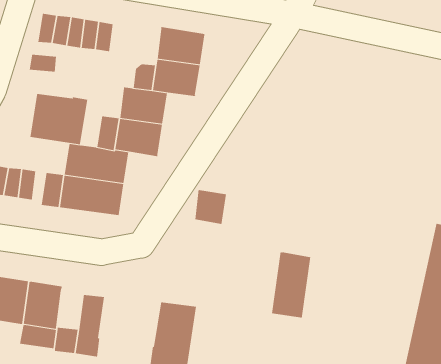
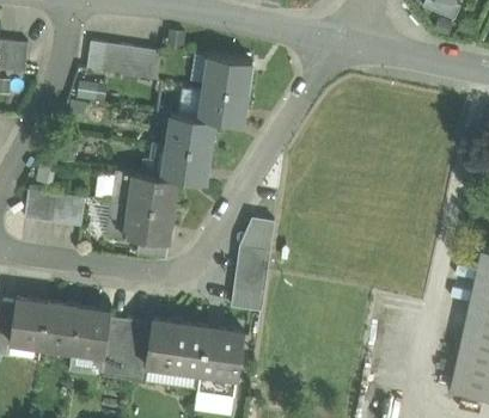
building: [30,93,88,145] -> none
building: [271,252,311,318] -> [231,247,270,313]
building: none -> [105,318,132,356]
building: none -> [147,321,208,373]

